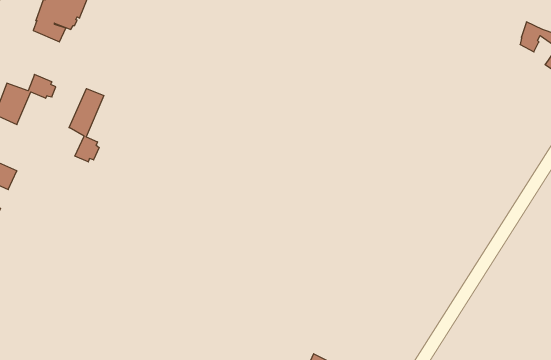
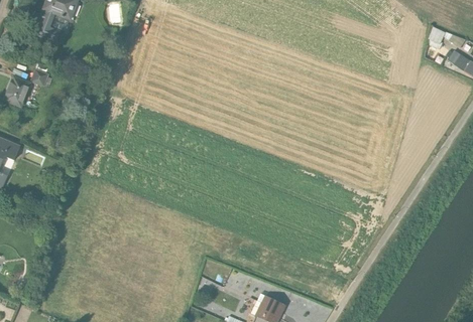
building: [69,89,104,162] -> none

